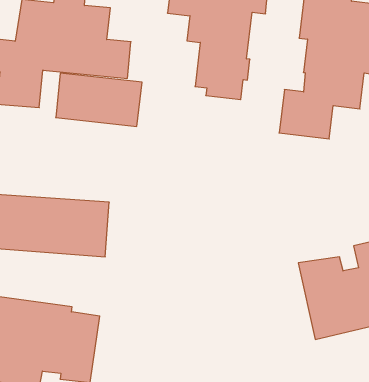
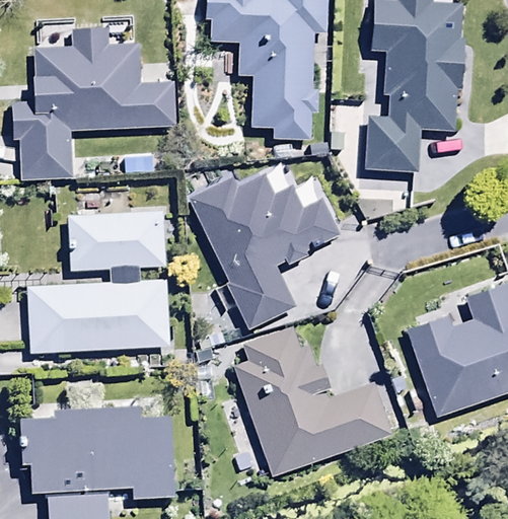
building: [56,73,142,126] -> [67,214,166,269]
building: none -> [189,167,342,329]
building: none -> [234,323,393,472]

